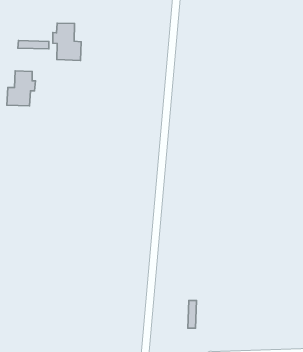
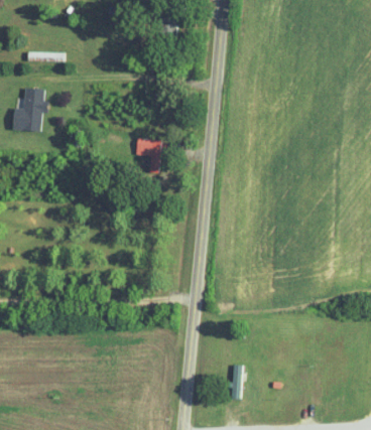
building: [53,23,81,60] -> none
building: none -> [136,140,161,172]

